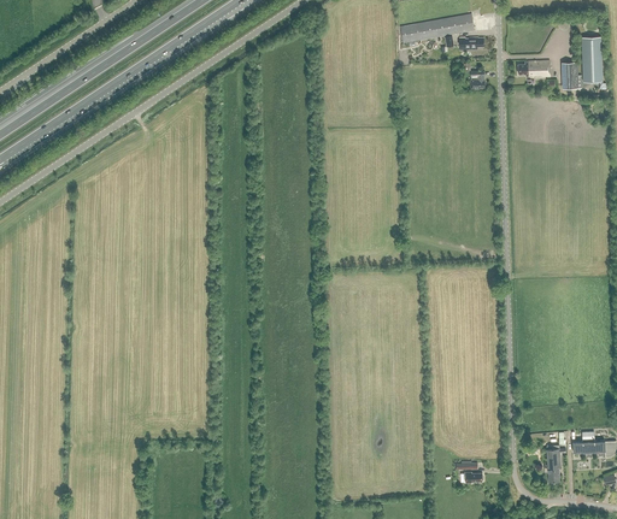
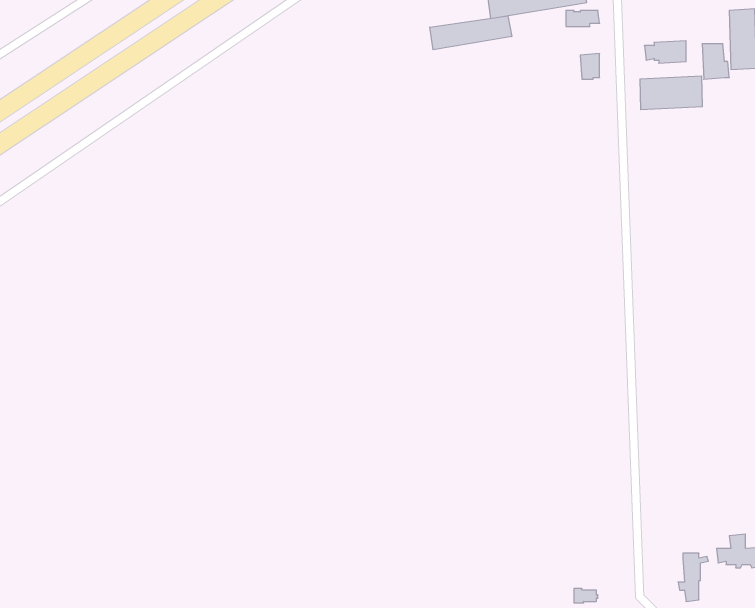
building: none -> [430,16,512,50]
building: none -> [640,76,702,110]

